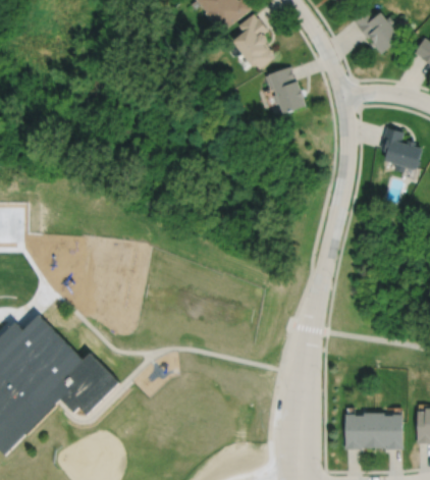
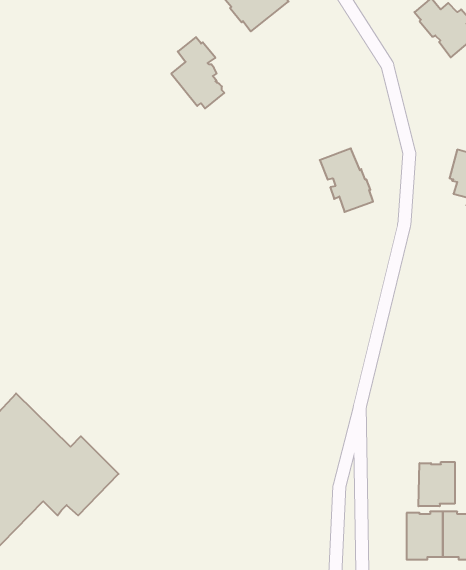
building: [234,14,276,70] -> [171,37,224,108]
building: [266,66,308,116] -> [320,148,373,212]
building: none -> [418,462,455,506]

